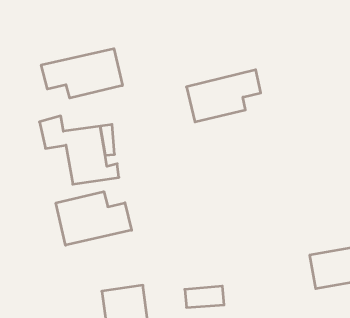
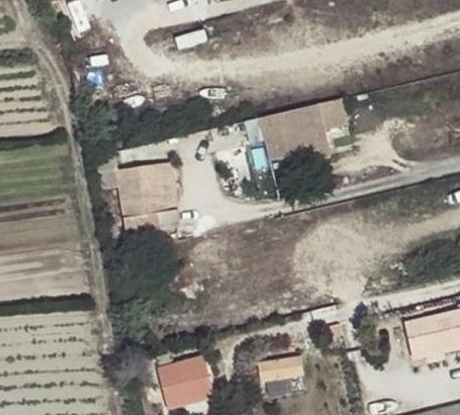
building: [41,49,122,98] -> none
building: [56,192,132,245] -> none

